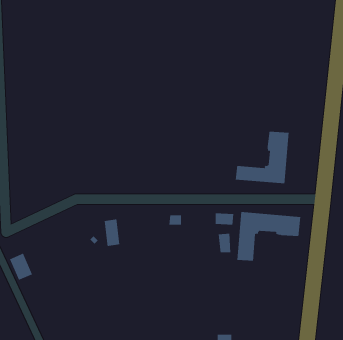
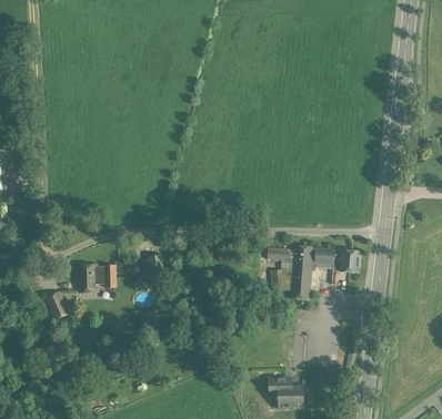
building: [235,131,289,184] -> none
building: none -> [79,263,117,290]

